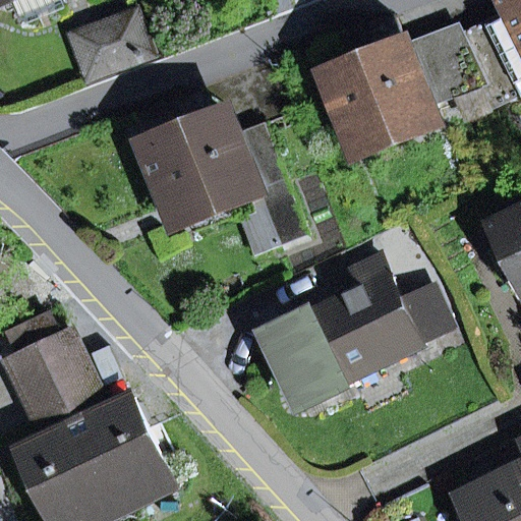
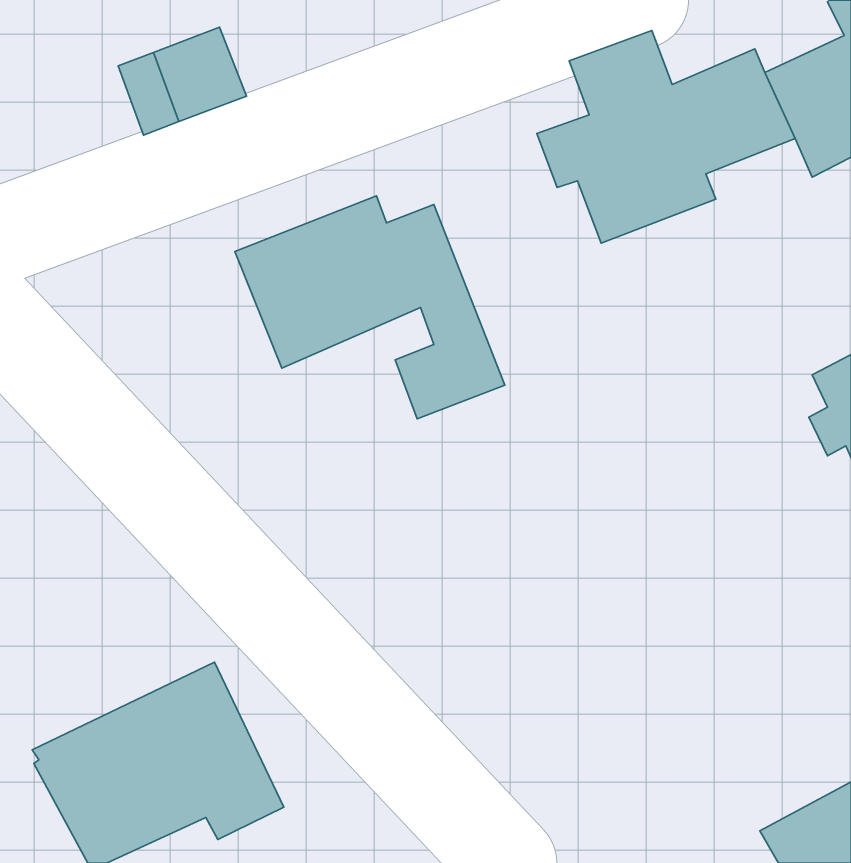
building: [264,256,449,409] -> none
building: [7,333,96,420] -> none

